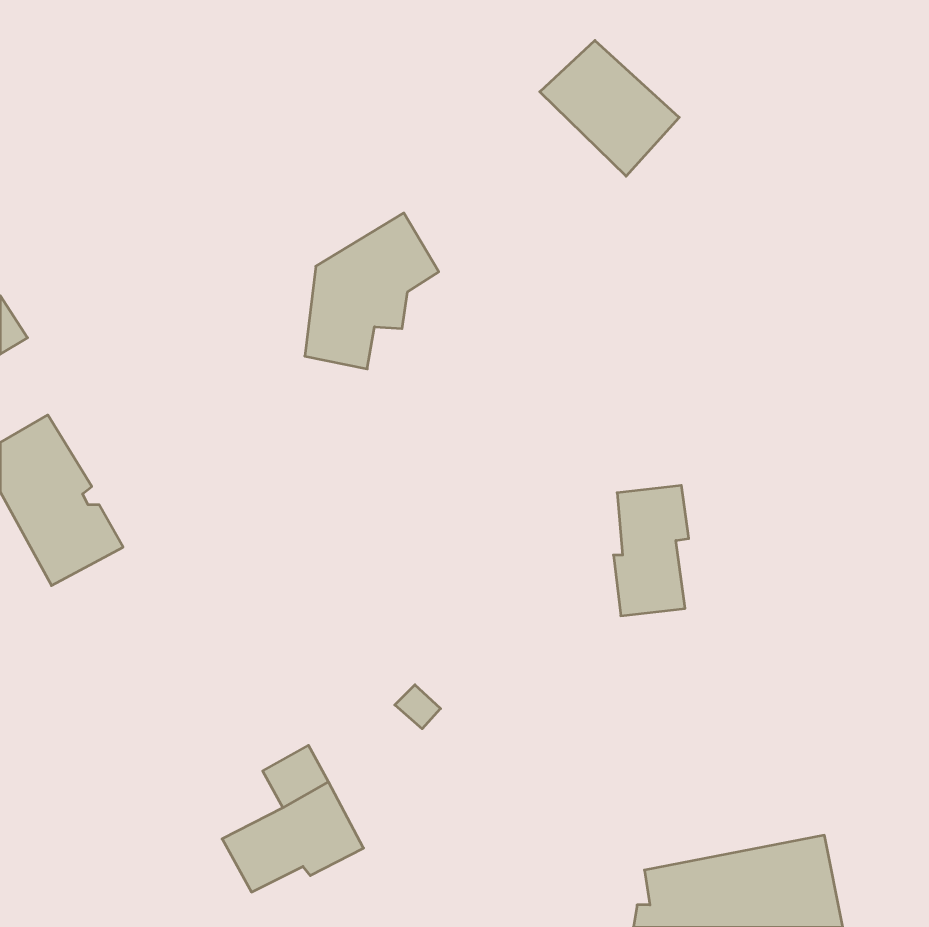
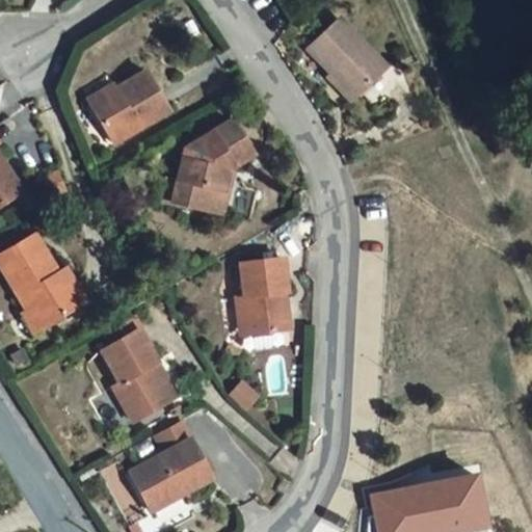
building: none -> [90,73,171,140]
building: [613,485,689,616] -> [244,258,287,331]
building: none -> [103,332,171,422]

